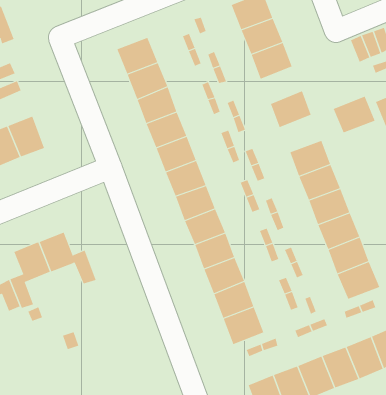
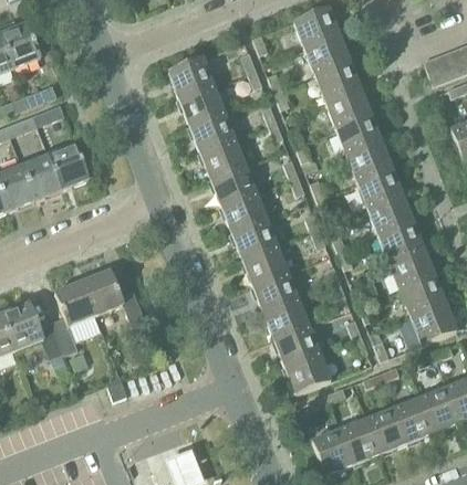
building: none -> [325,88,372,129]
building: [333,96,375,133] -> [346,141,393,182]

